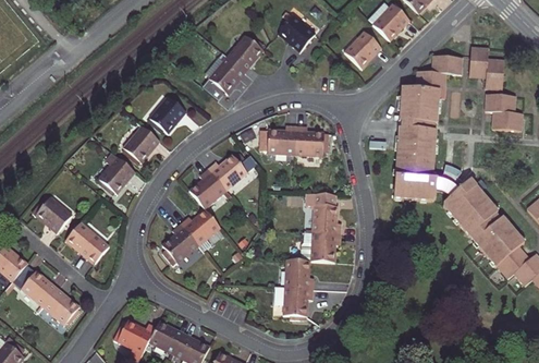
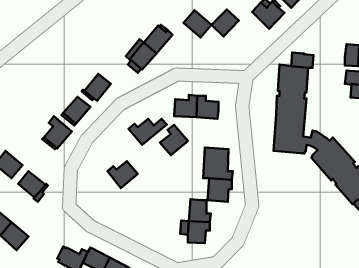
building: [345,32,380,66] -> [212,9,239,37]
building: [469,47,489,75] -> none
building: [433,55,462,74] -> none
building: [189,168,225,207] -> [160,125,188,155]
building: [163,222,198,262] -> none

